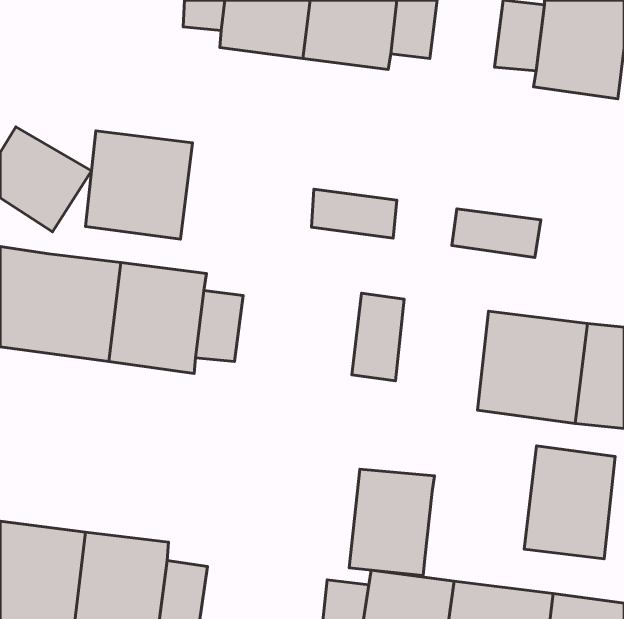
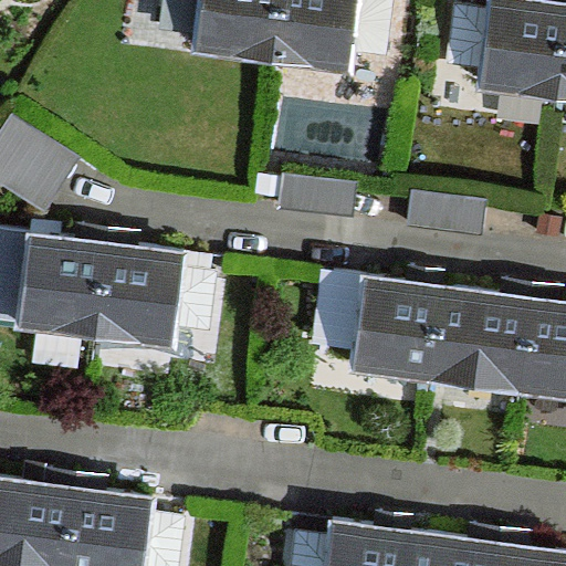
building: [86,131,192,239] -> none
building: none -> [357,275,442,376]
building: [524,446,615,559] -> none
building: [349,469,434,576] -> none

